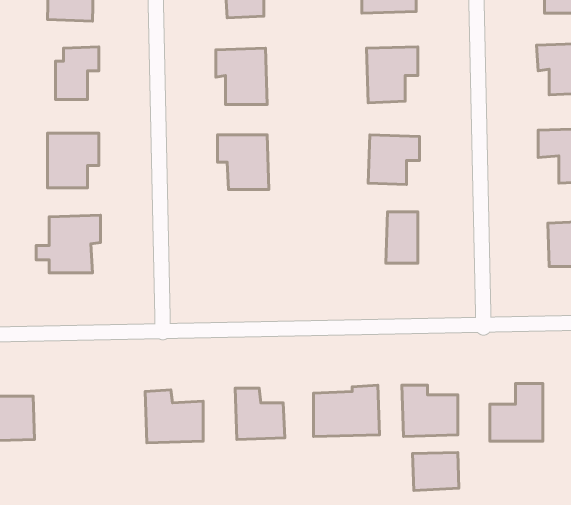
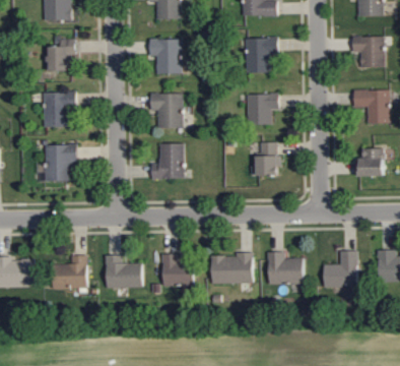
building: none -> [151,143,184,179]
building: none -> [52,256,86,289]
building: [413,452,459,491] -> none

